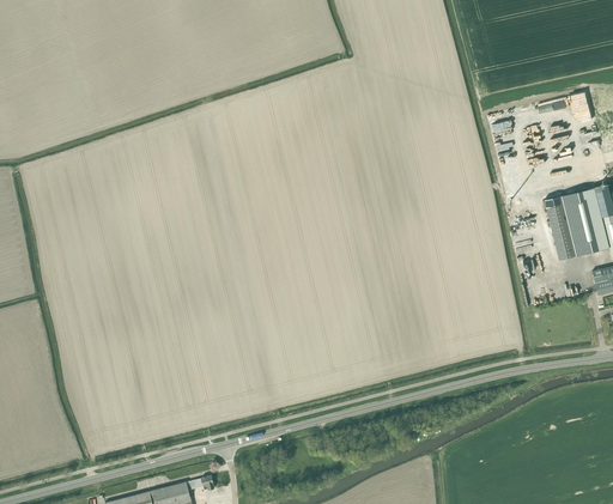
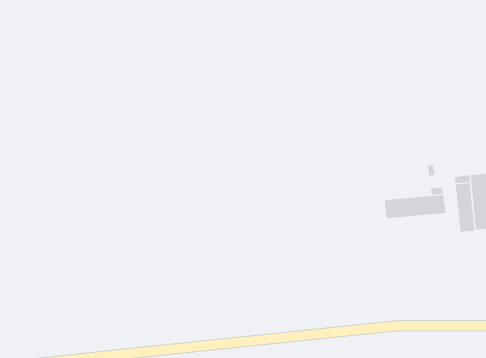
building: none -> [384,194,446,219]

